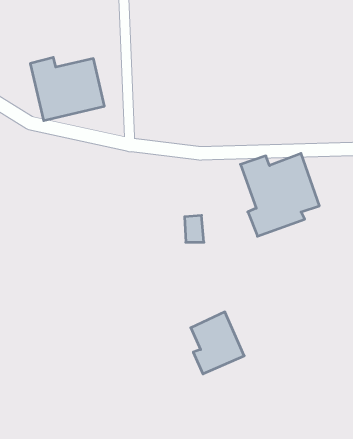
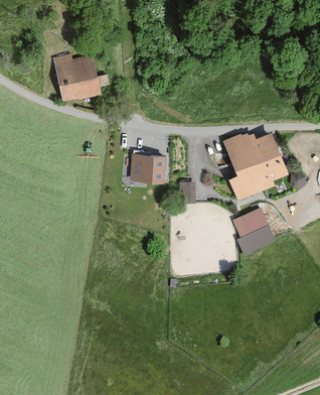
building: none -> [127,154,165,183]
building: [191,312,244,374] -> [231,207,276,258]

